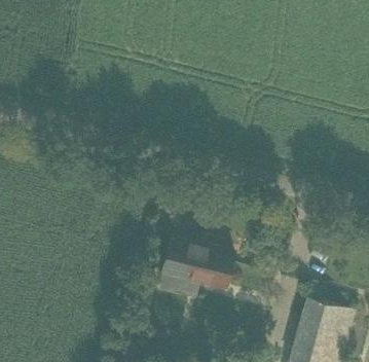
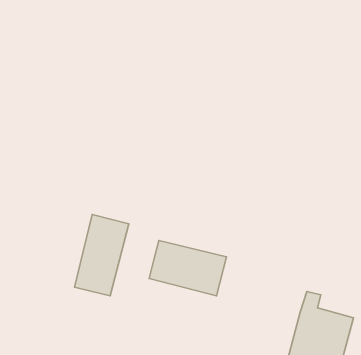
building: none -> [74,215,129,296]

